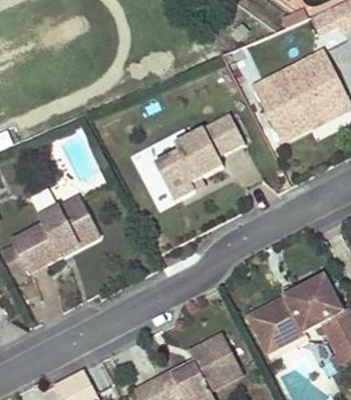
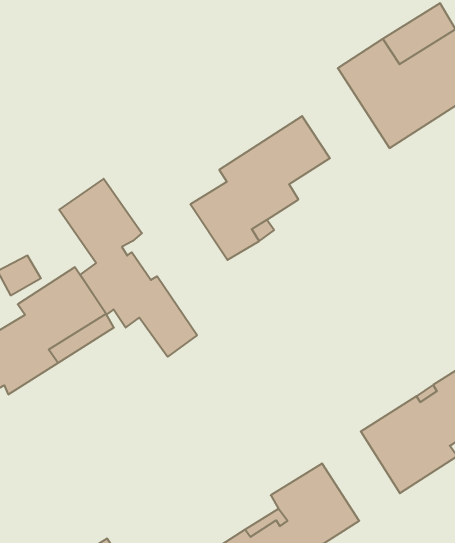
building: none -> [59,179,197,357]

